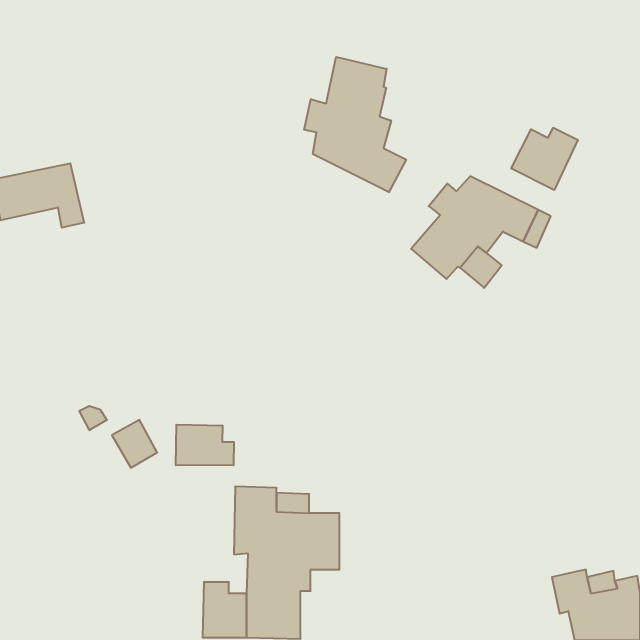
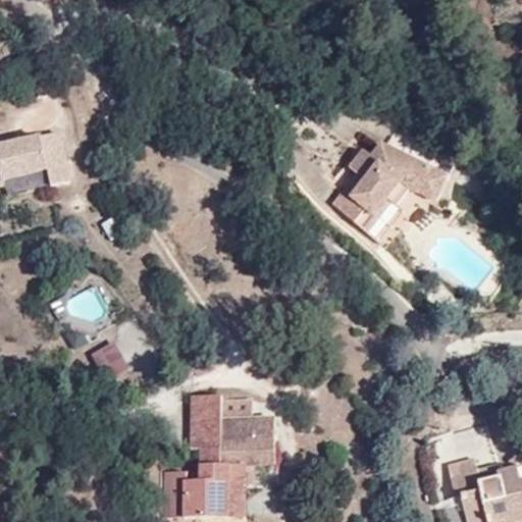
building: [304,57,406,192] -> none
building: [511,128,578,190] -> none
building: [176,425,234,465] -> none

